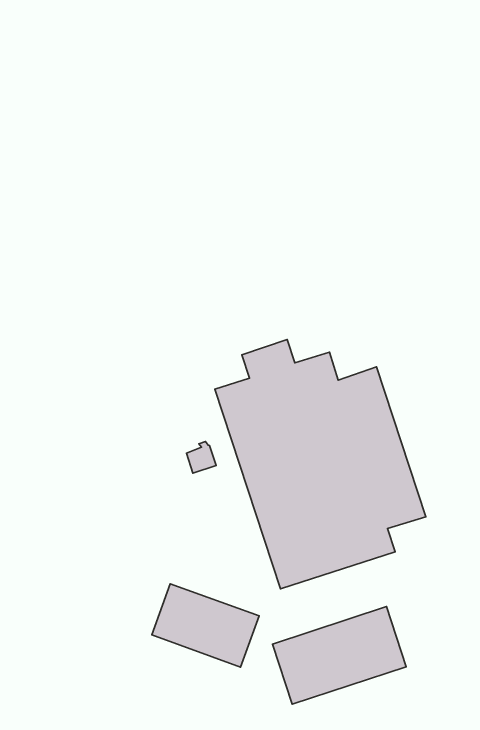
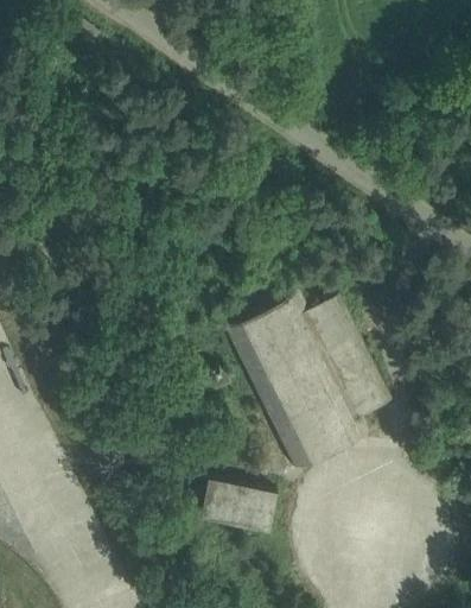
building: [272,607,406,704] -> none

